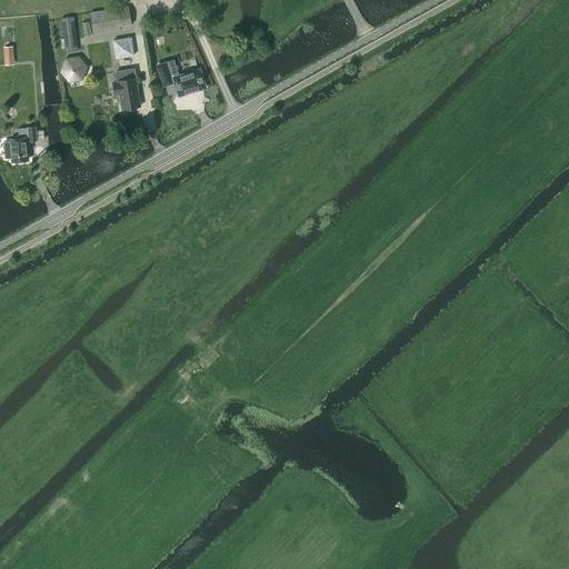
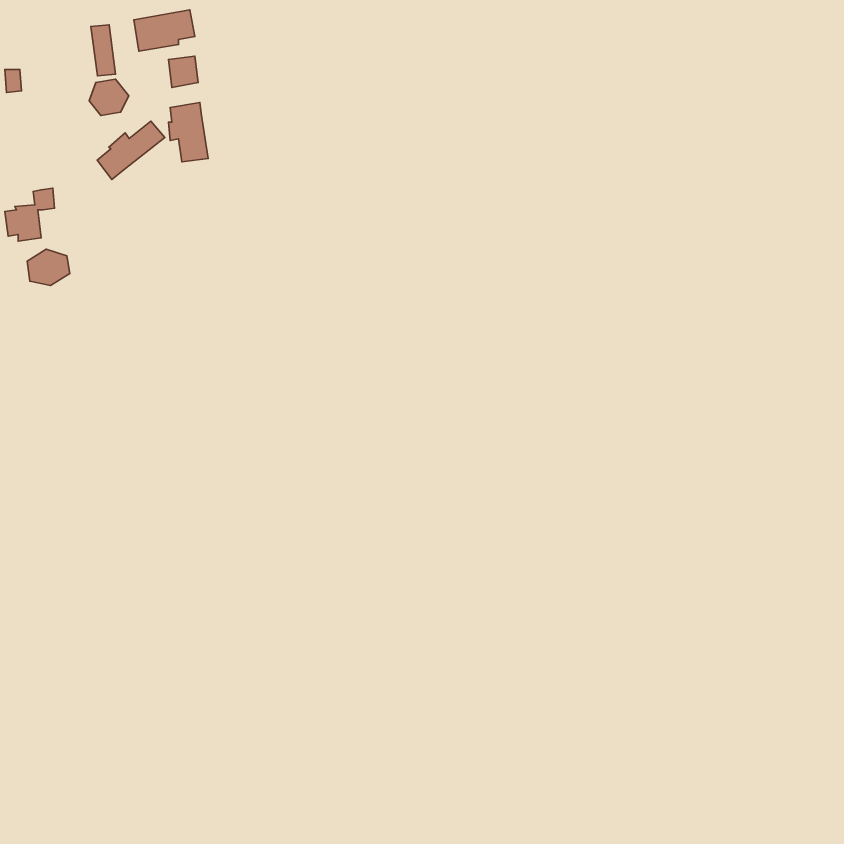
building: [158,60,204,96] -> none
building: none -> [97,121,165,180]
building: none -> [27,249,70,286]

